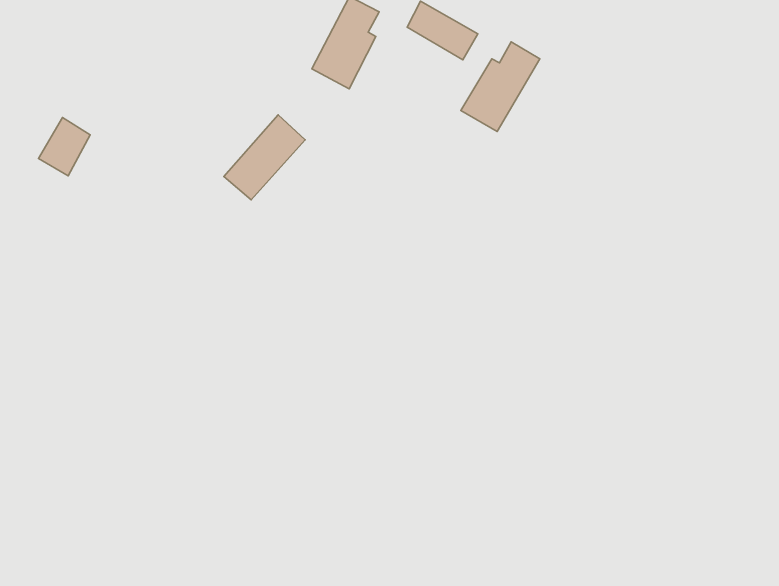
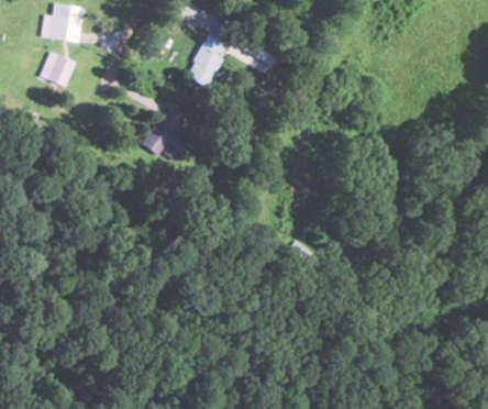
building: [461,42,540,131] -> none
building: [38,118,90,176] -> [45,54,74,87]

